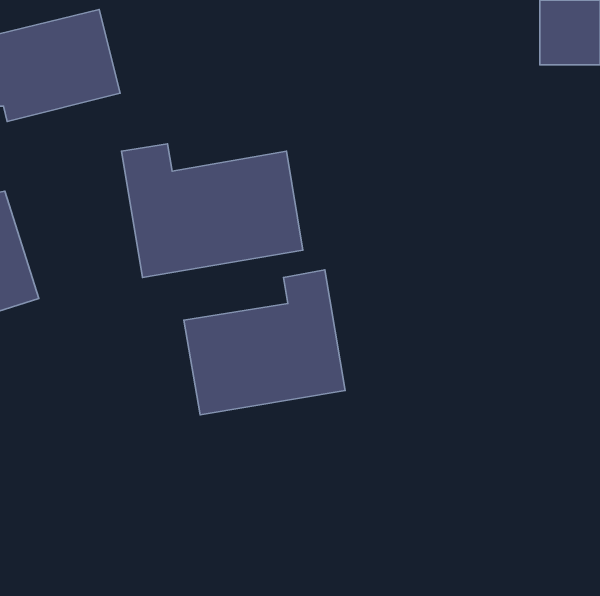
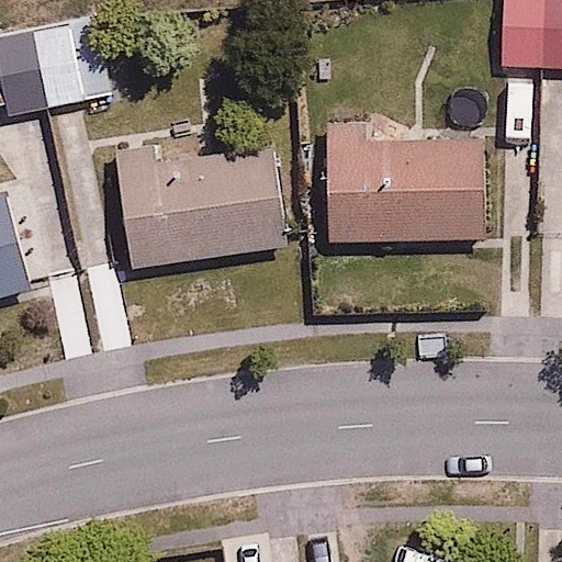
building: none -> [328,138,487,240]
building: [184,270,345,415] -> none

